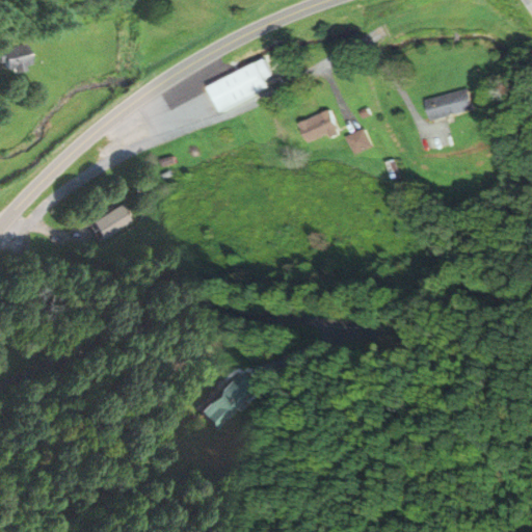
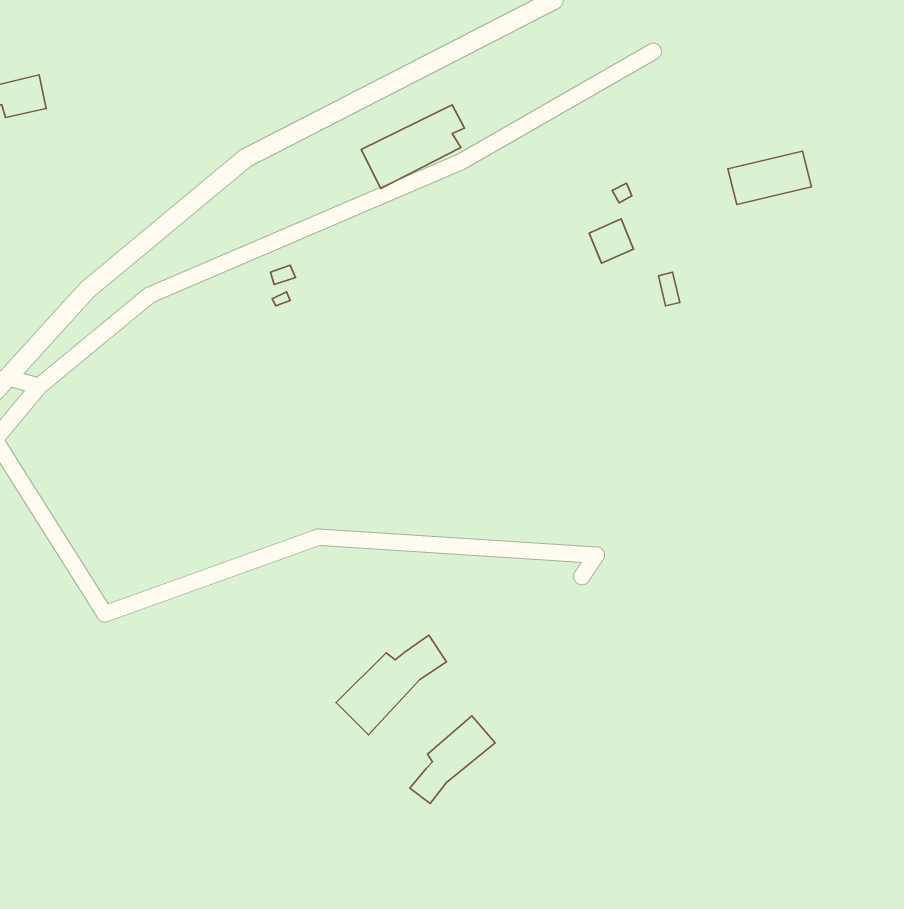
building: [297,108,337,142] -> none
building: [91,203,131,239] -> none
building: none -> [410,716,495,804]

